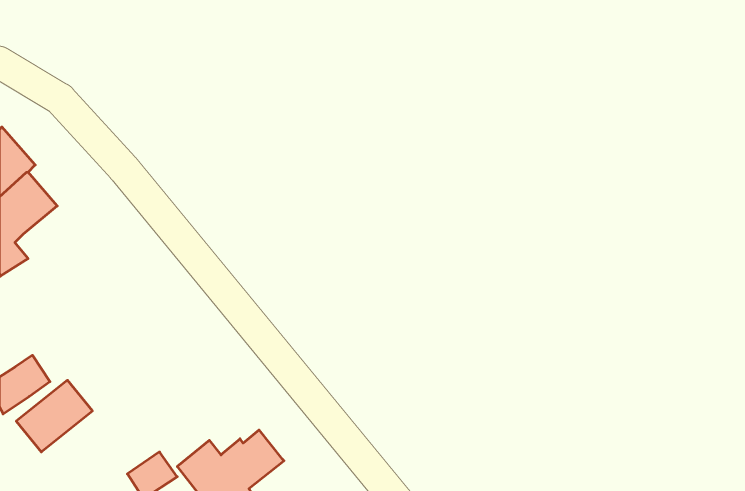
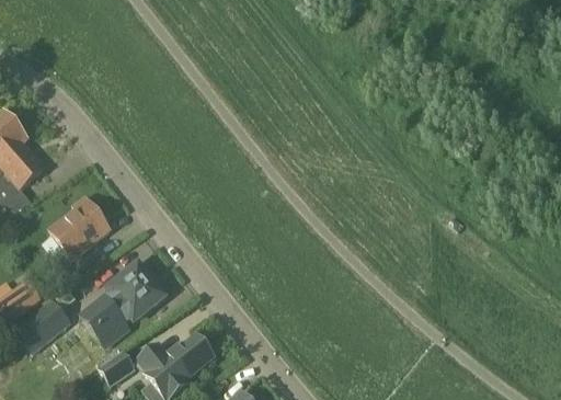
building: none -> [46,195,110,259]
building: none -> [83,261,164,339]

